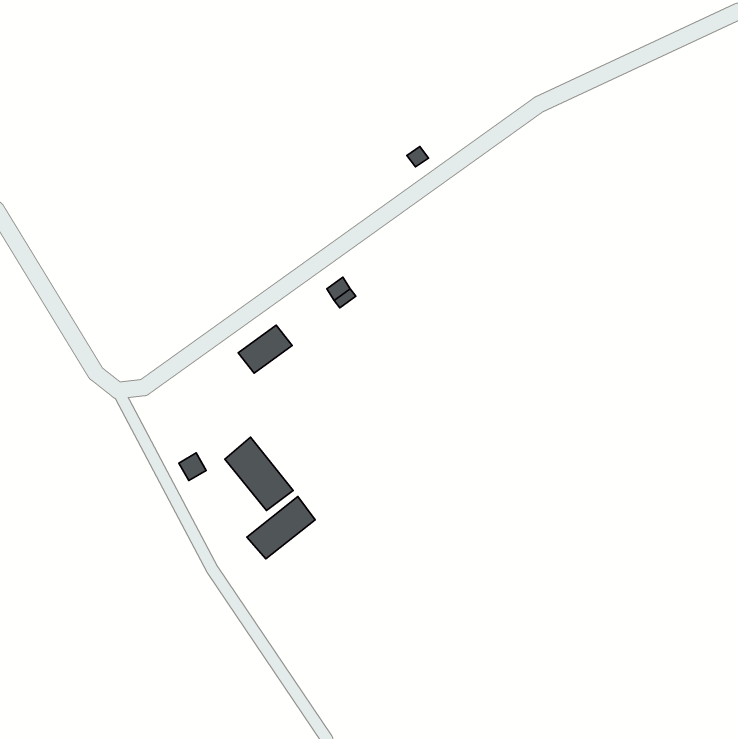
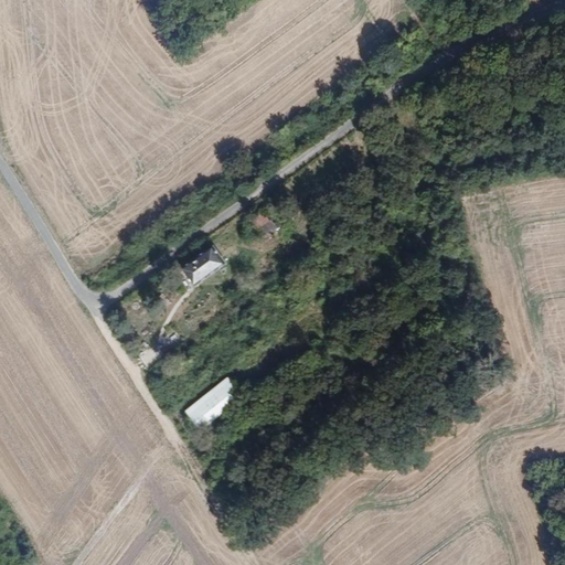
building: [225,437,293,511] -> none

